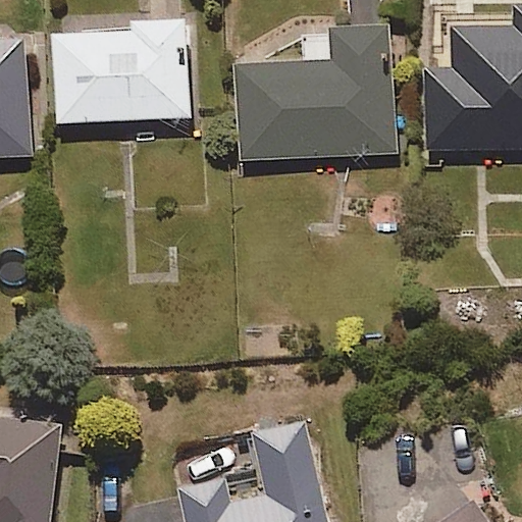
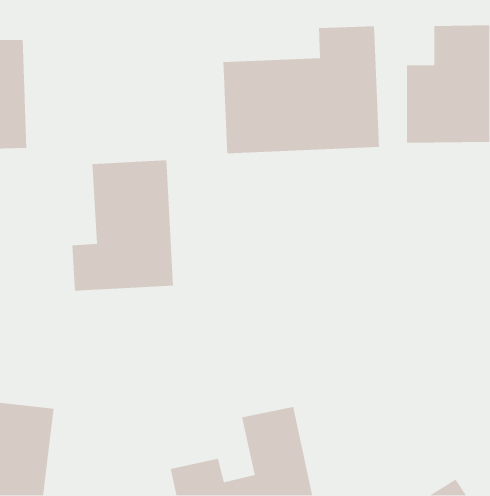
building: [53,20,192,122] -> none
building: none -> [71,159,174,292]

